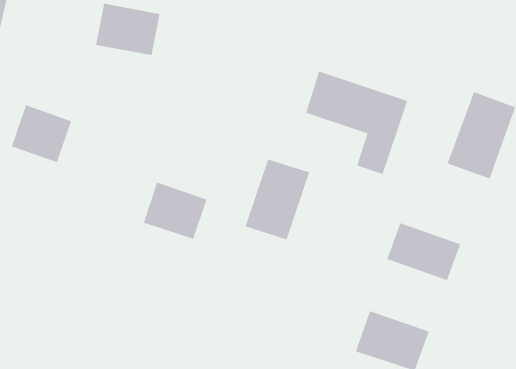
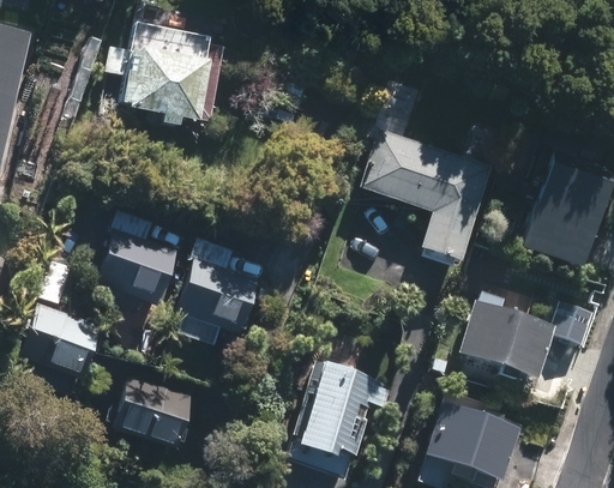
building: [11,104,72,163] -> [102,231,173,300]
building: [245,158,310,240] -> [296,370,372,465]
building: none -> [32,314,95,373]
building: none -> [120,384,185,436]

